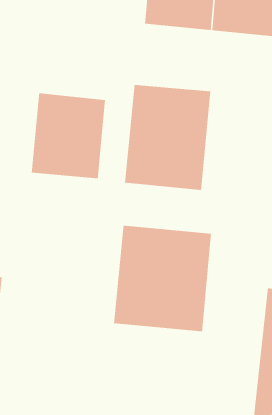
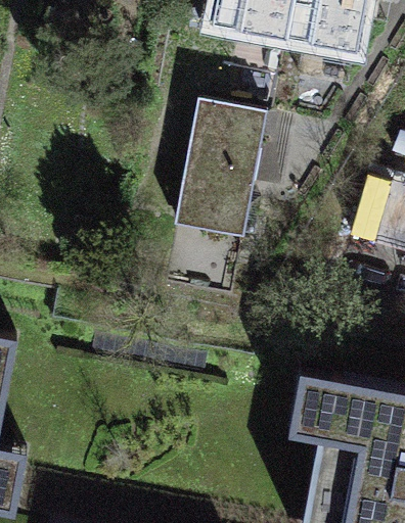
building: [31,93,106,179] -> none
building: [113,225,212,332] -> none

